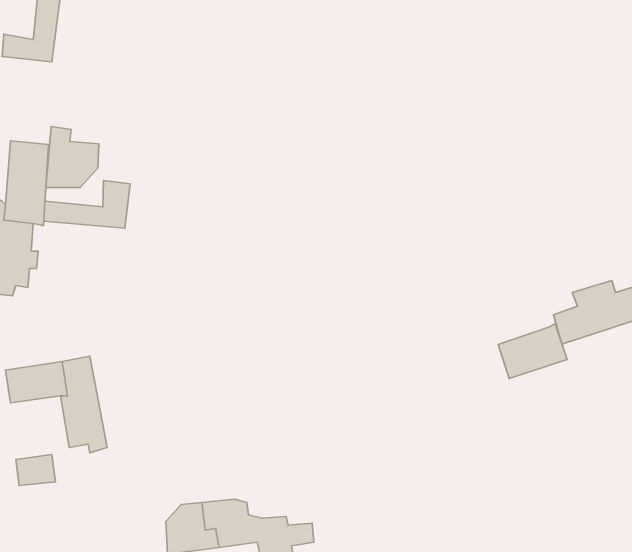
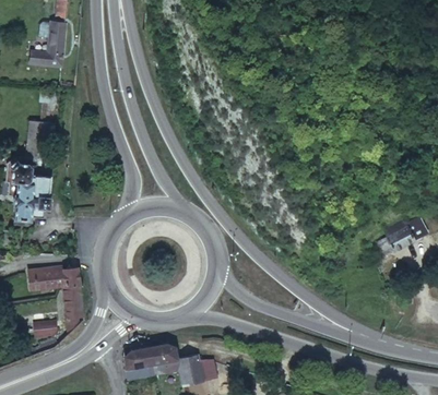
building: [46,127,99,188] -> none
building: [44,180,130,228] -> none
building: [498,324,567,379] -> none

